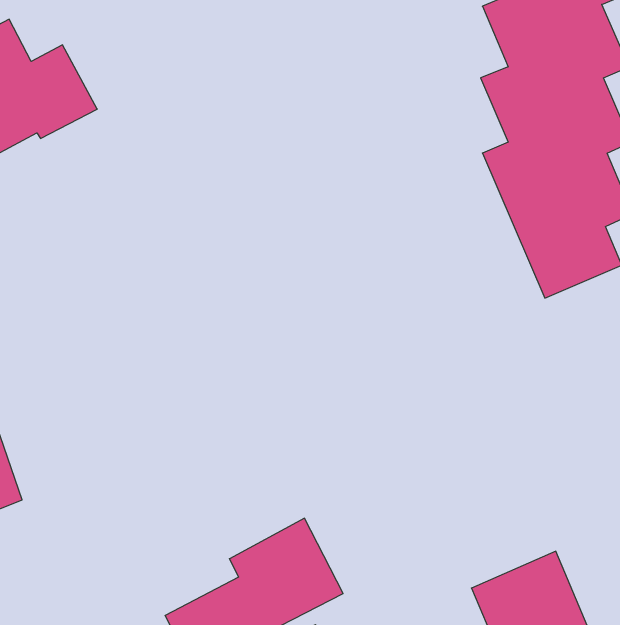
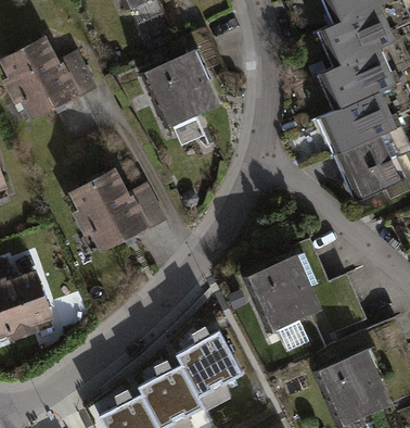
building: none -> [142,48,219,128]
building: none -> [65,166,165,251]
building: none -> [246,252,321,351]

